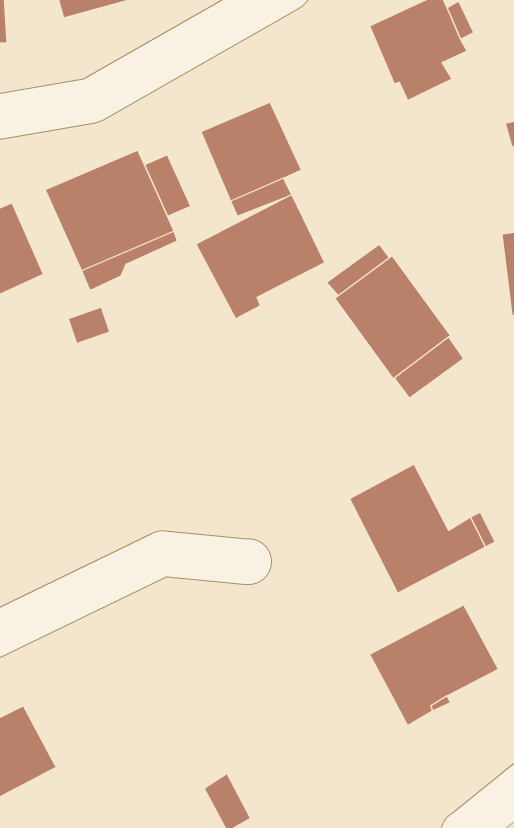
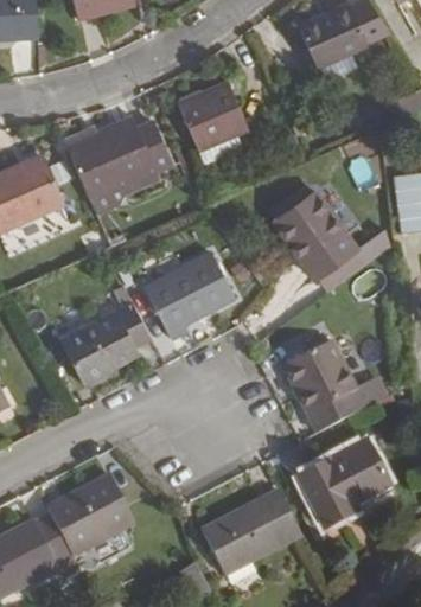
building: [196,195,325,319] -> [142,250,235,339]
building: none -> [58,301,152,385]
building: none -> [46,474,135,556]
building: none -> [200,488,301,576]

